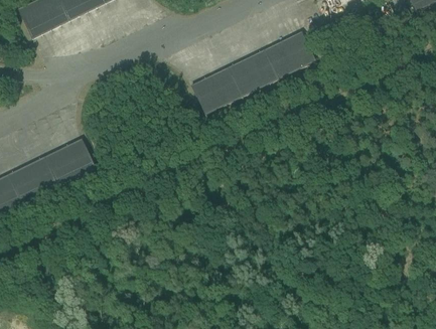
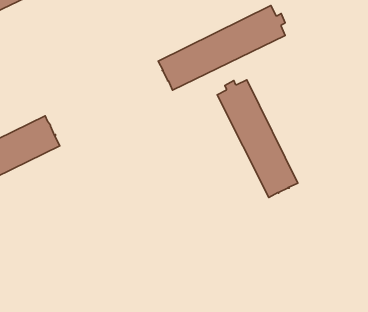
building: none -> [217,80,298,197]

